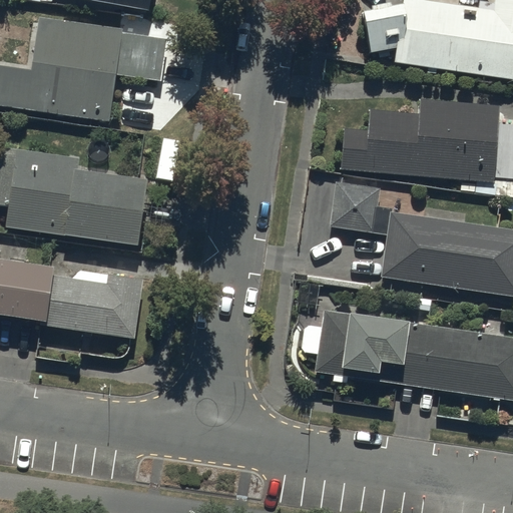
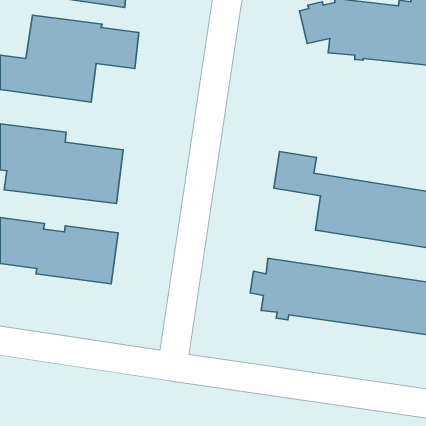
building: [341,99,498,194] -> none

